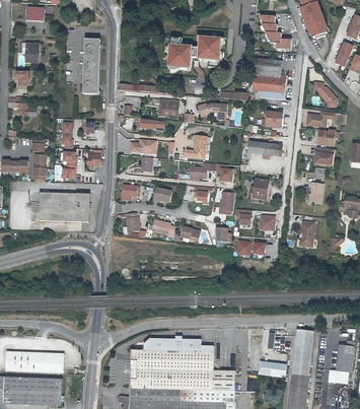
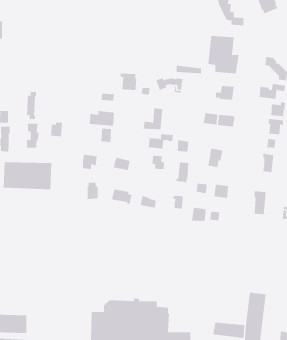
building: [168,37,220,67] -> none
building: [82,39,100,93] -> none

